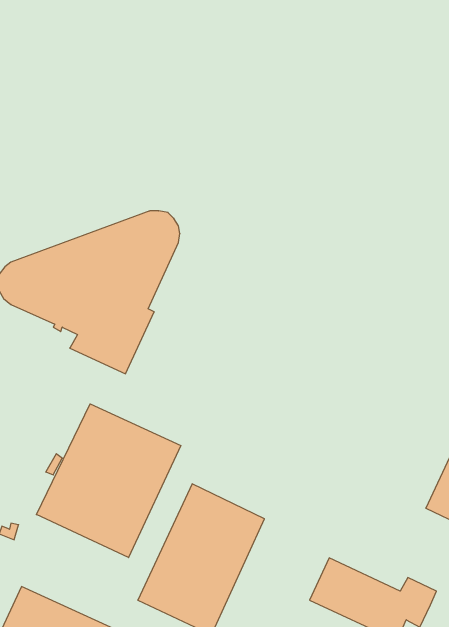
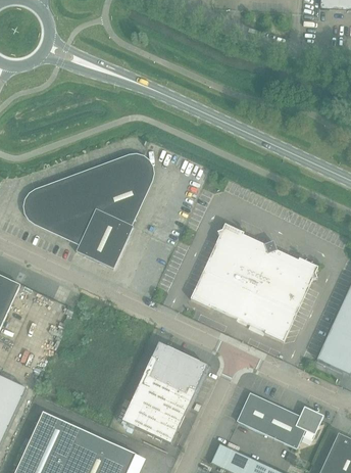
building: none -> [190,224,317,341]
building: [36,404,181,558] -> none

